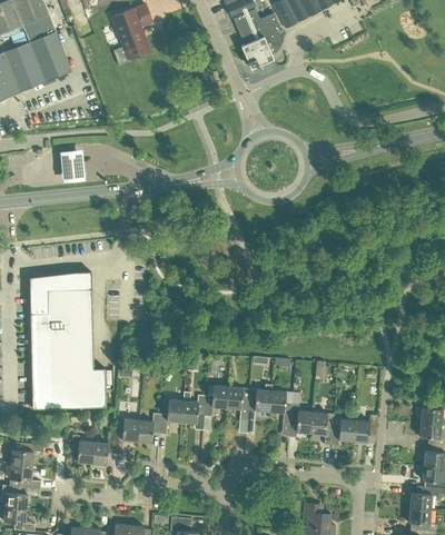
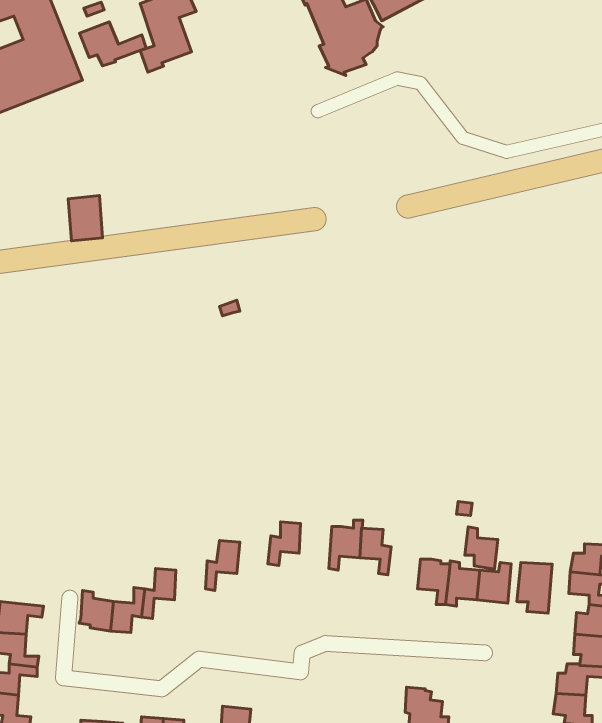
building: none -> [79,22,146,66]
building: [29,270,106,408] -> none
building: [226,386,249,418] -> none
building: [181,390,206,423] -> none
building: [289,403,313,433] -> [465,527,498,569]
building: [137,413,160,442] -> none
building: none -> [517,562,552,613]

